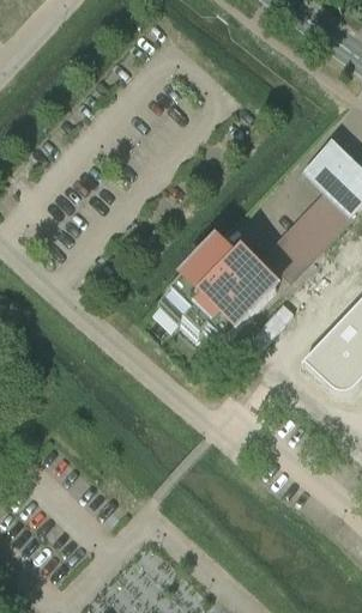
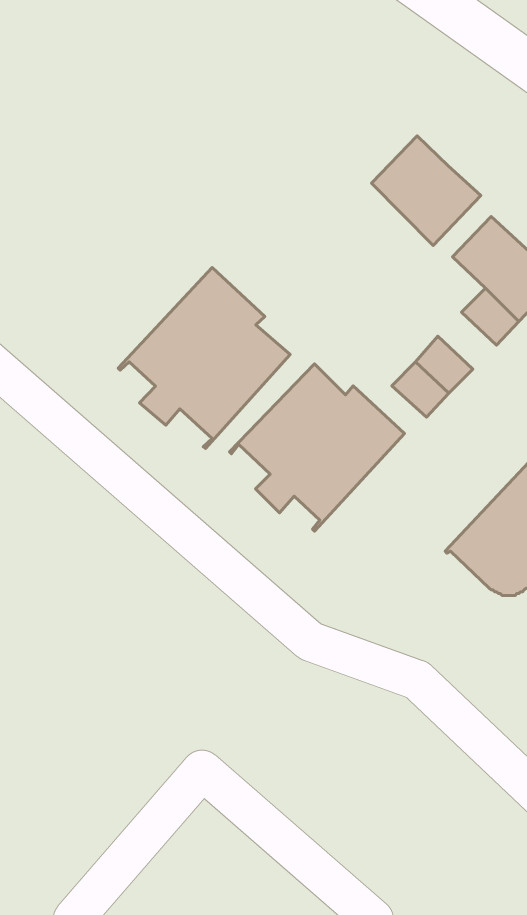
building: none -> [371,136,481,245]
building: none -> [118,268,290,449]
building: [297,206,336,243] -> none

